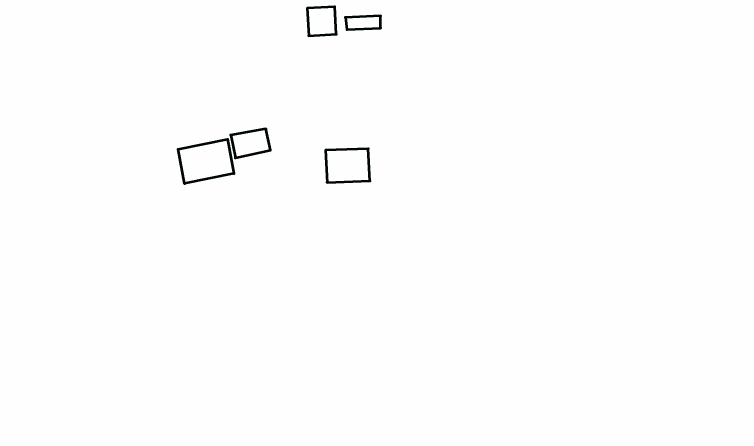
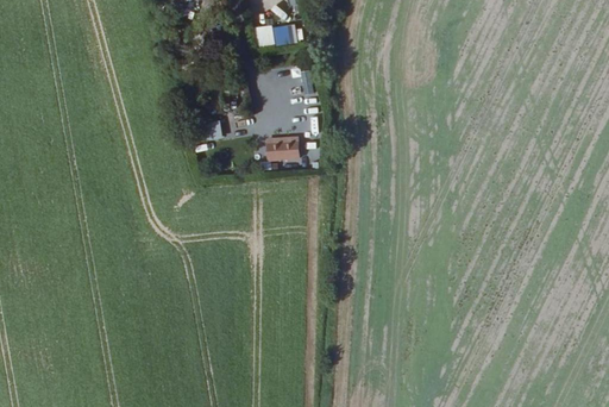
building: [178,139,234,184] -> none

